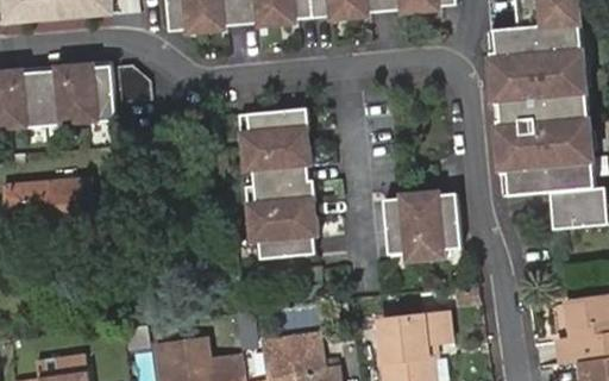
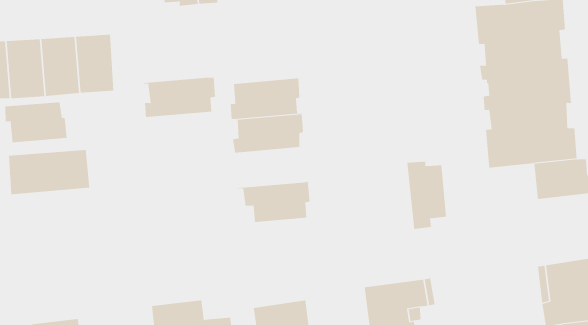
building: none -> [5,101,67,143]
building: [241,177,316,219] -> [143,77,216,118]
building: [383,193,426,263] -> none

